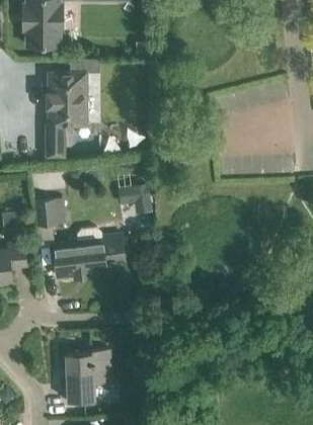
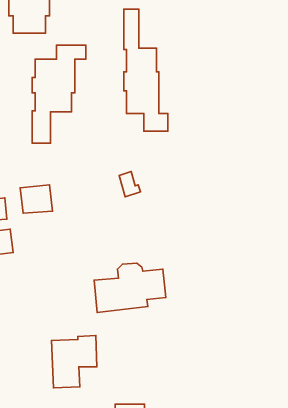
building: none -> [124,9,168,131]
building: [53,229,125,278] -> [94,263,166,313]

